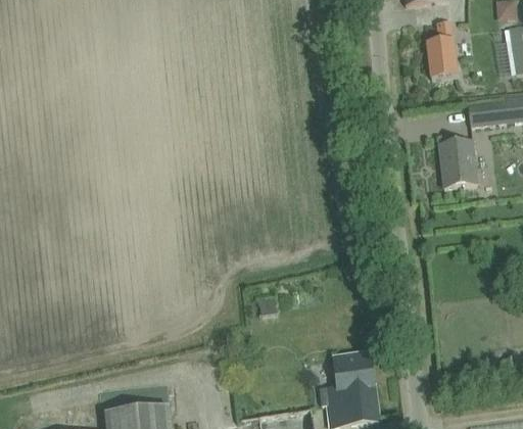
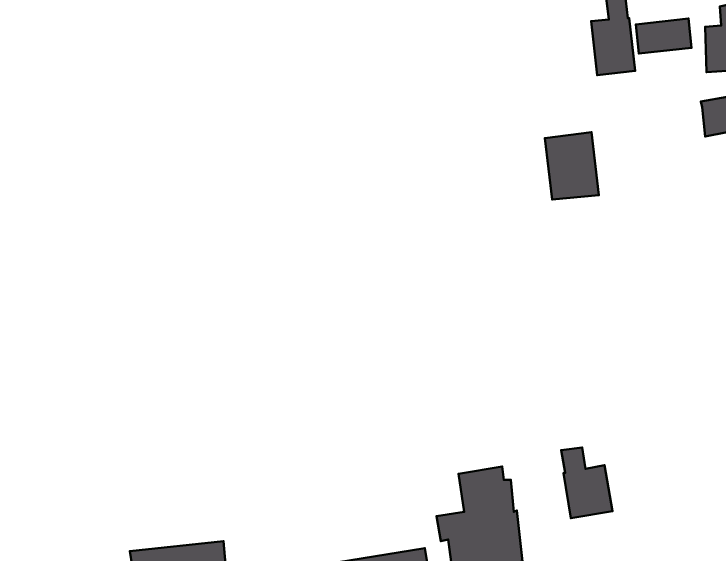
building: [468,101,507,126] -> [636,19,691,54]
building: [439,140,477,187] -> [545,132,599,199]
building: none -> [561,448,612,518]

